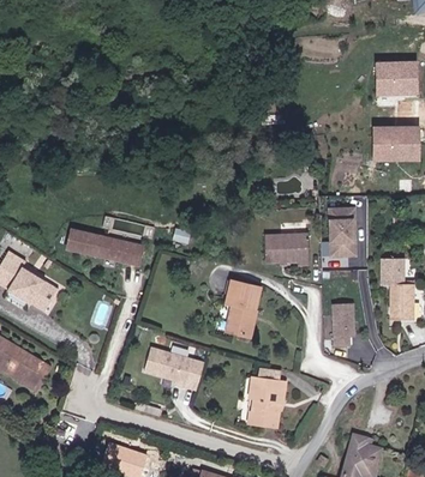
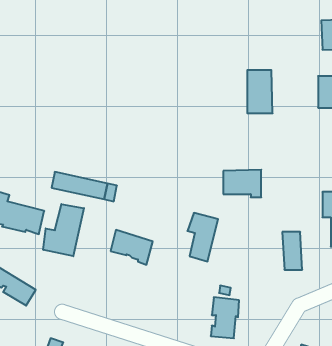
building: [328,207,357,256] -> [247,70,273,113]
building: none -> [43,204,84,256]
building: [146,348,194,387] -> [111,230,153,265]

